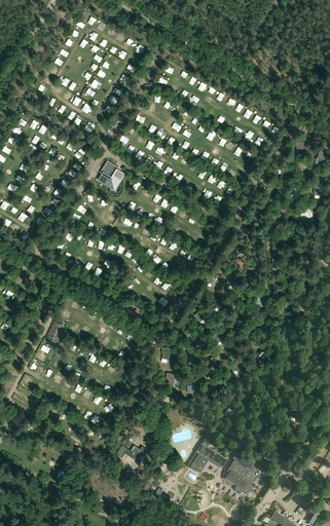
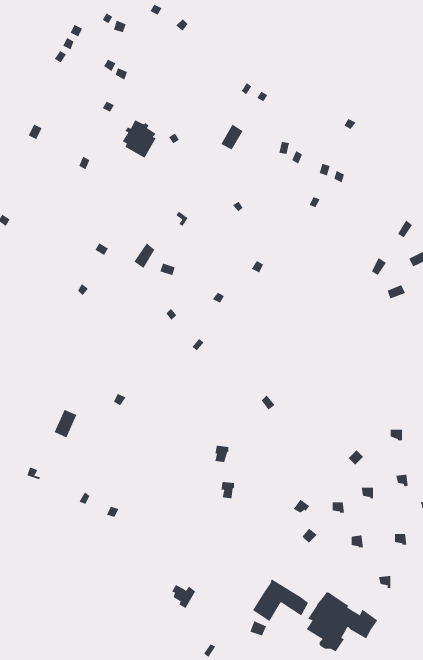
building: [99,163,123,191] -> [122,119,156,158]

